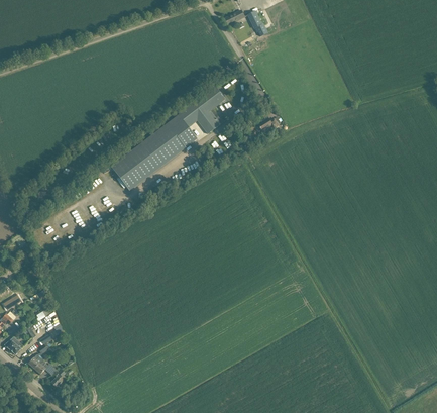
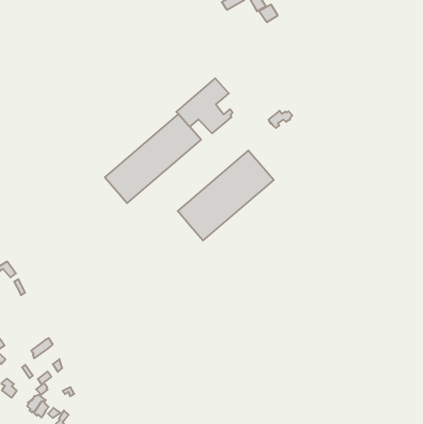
building: none -> [178,150,274,241]

